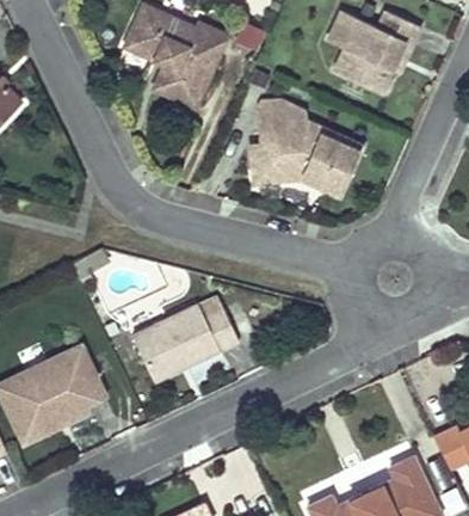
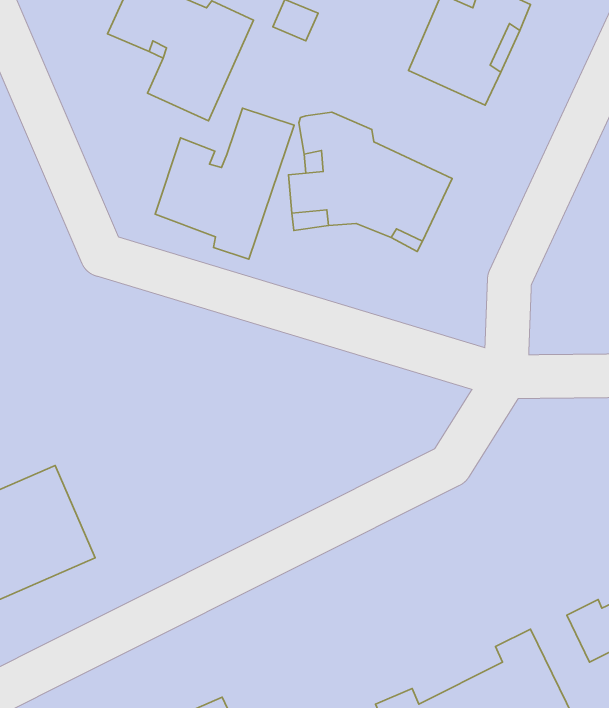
building: none -> [155,108,294,259]
building: [132,301,237,381] -> none

